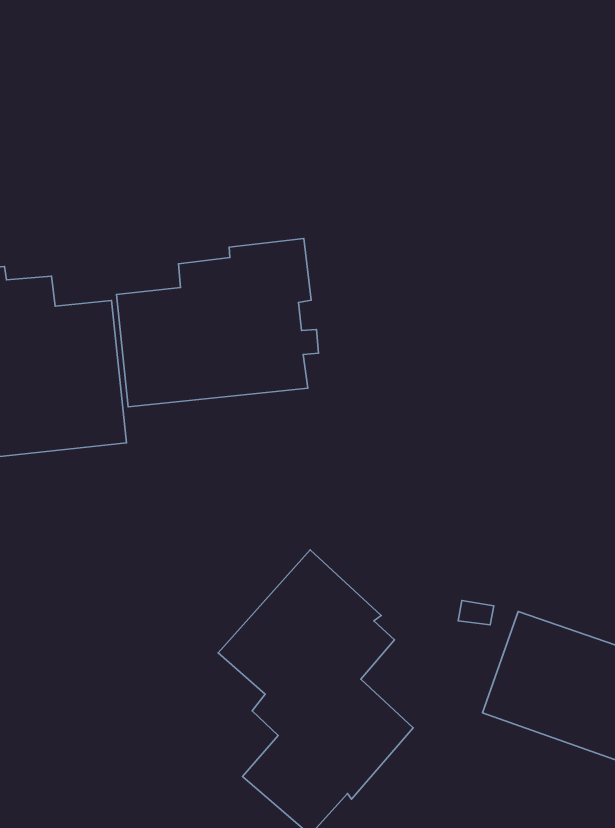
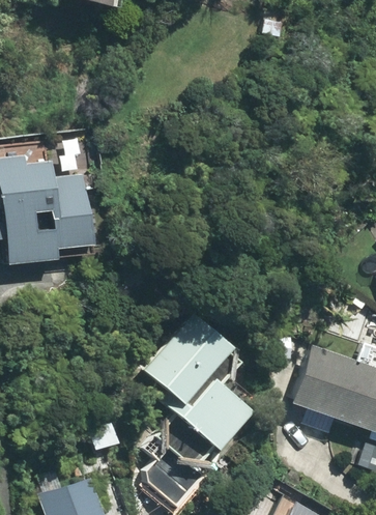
building: [116,238,318,407] -> none

